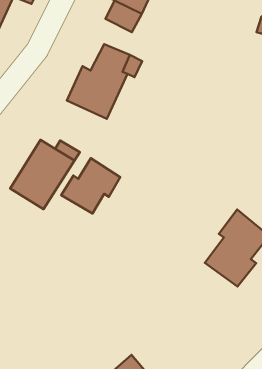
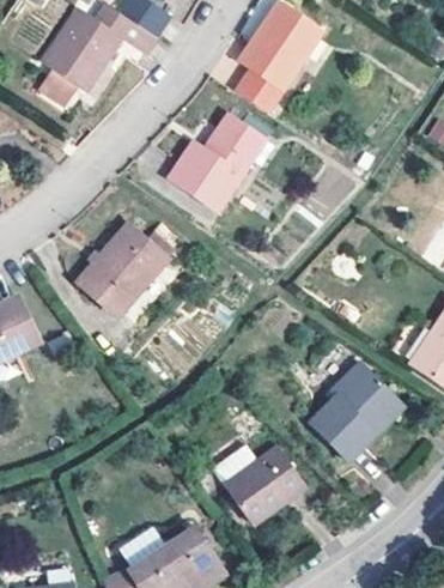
building: [61,158,120,213] -> none
building: none -> [209,445,306,520]

